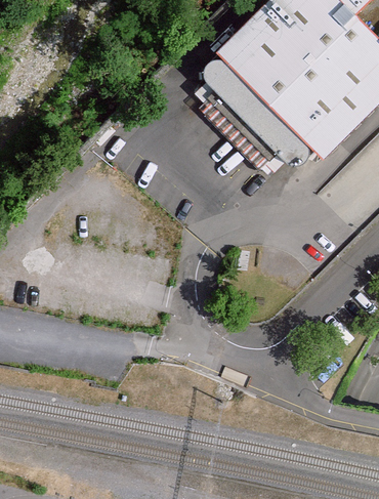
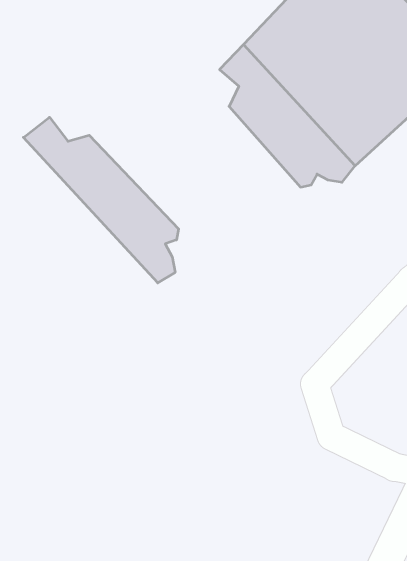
building: none -> [23,117,179,283]

